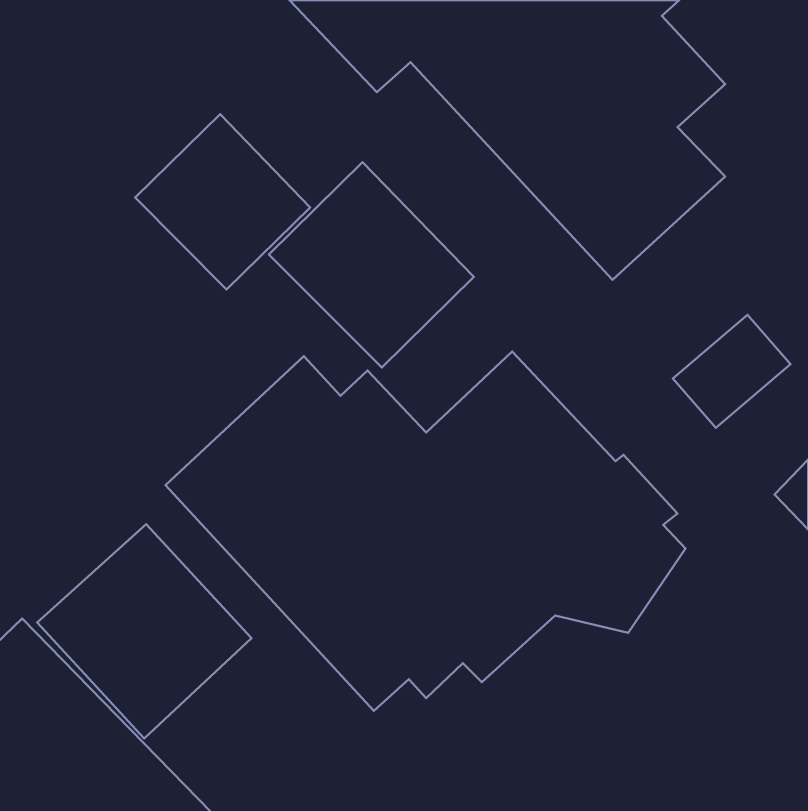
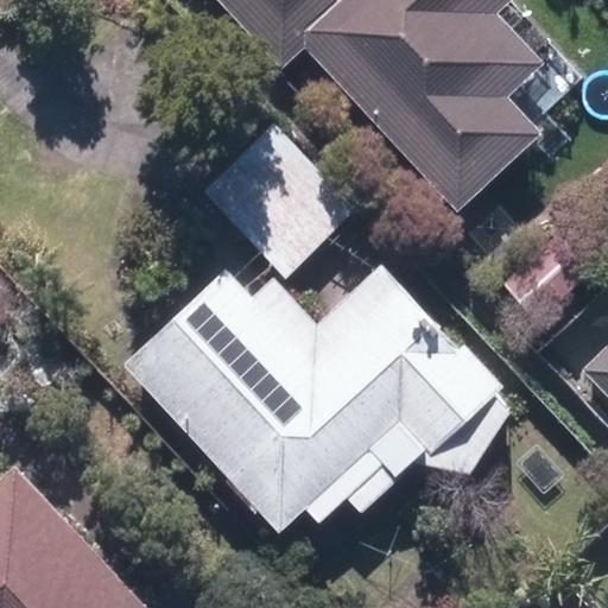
building: [135,114,310,289] -> none
building: [37,524,252,739] -> none

